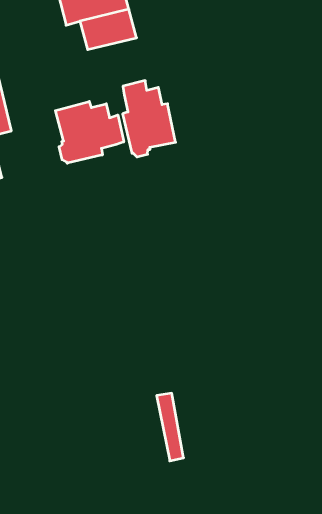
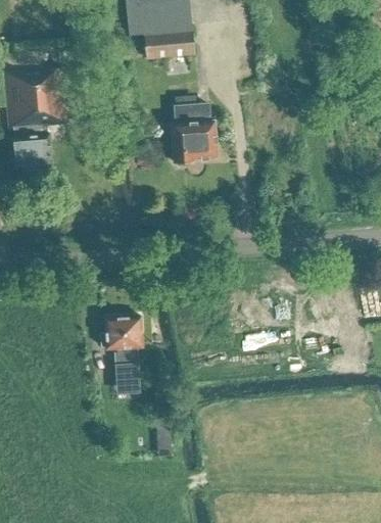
building: [55,101,124,163] -> none
building: none -> [99,315,143,394]

